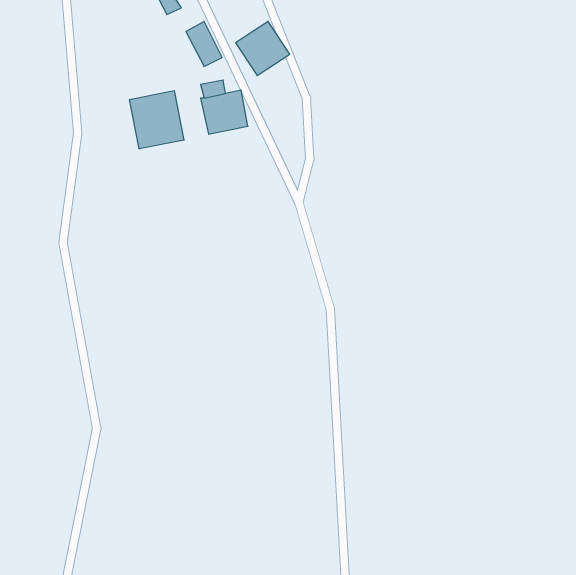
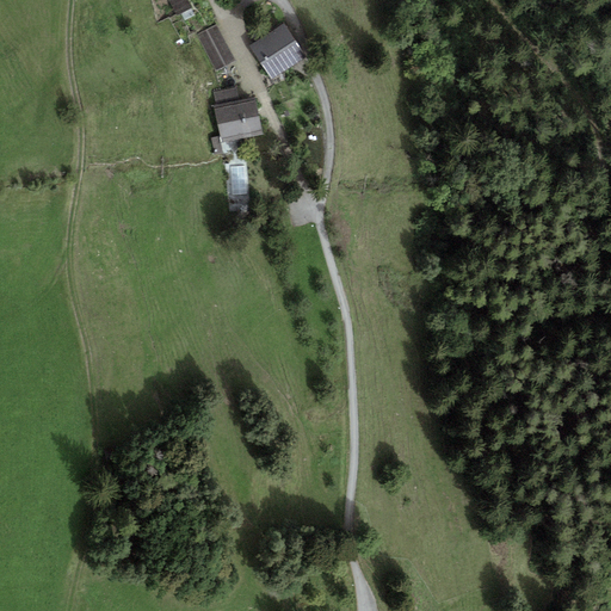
building: [130,91,184,149] -> none

